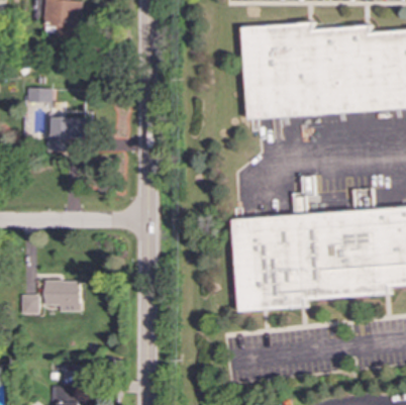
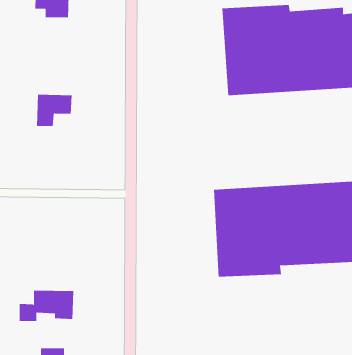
building: [25,88,52,103] -> none
building: [20,281,79,314] -> [19,290,74,321]

